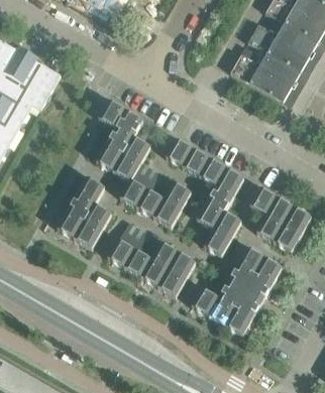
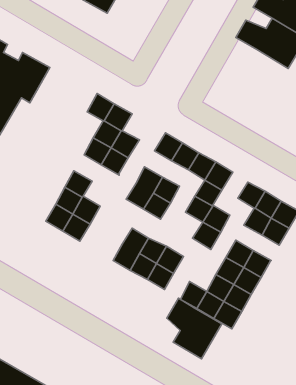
building: [230,54,301,105] -> none
building: [122,164,156,206] -> none
building: [108,225,144,267] -> none
building: none -> [167,298,222,359]

